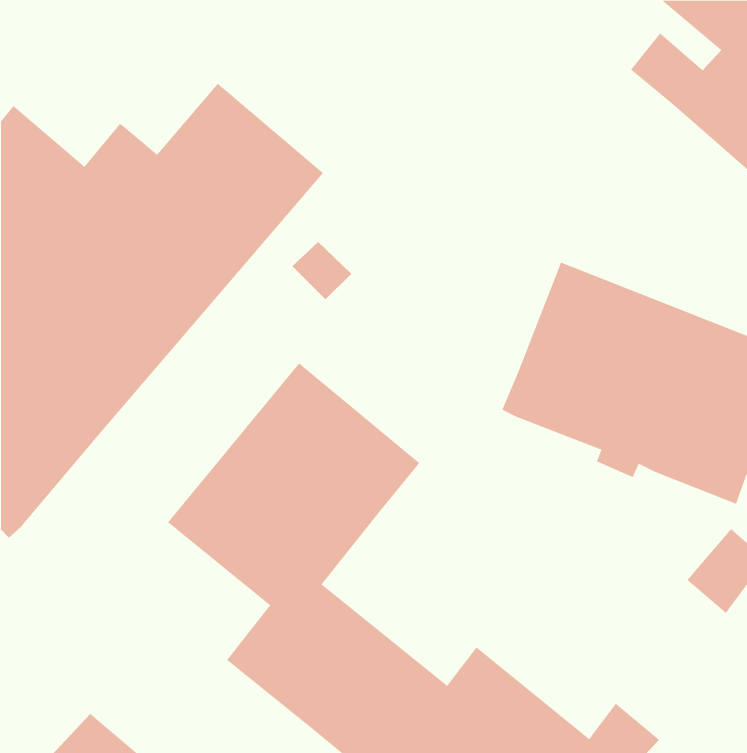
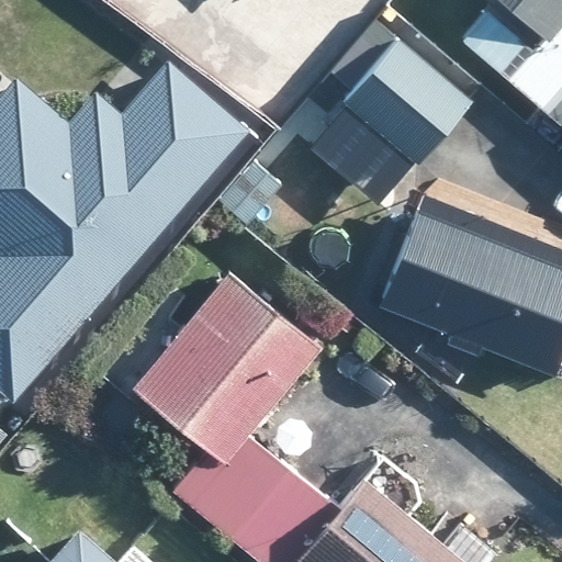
building: none -> [342,35,475,166]

